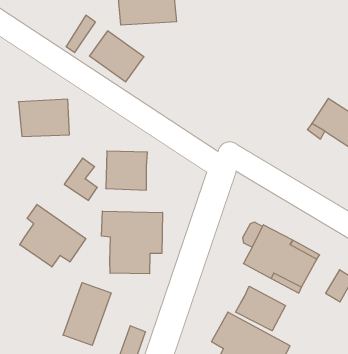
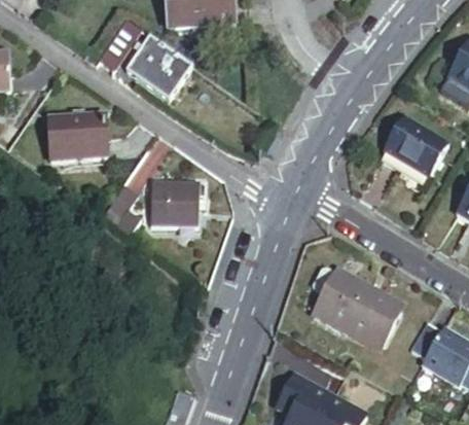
building: [20,204,86,267] -> none
building: [102,211,162,274] -> none
building: [63,283,111,345] -> none
building: [236,286,286,331] -> none

